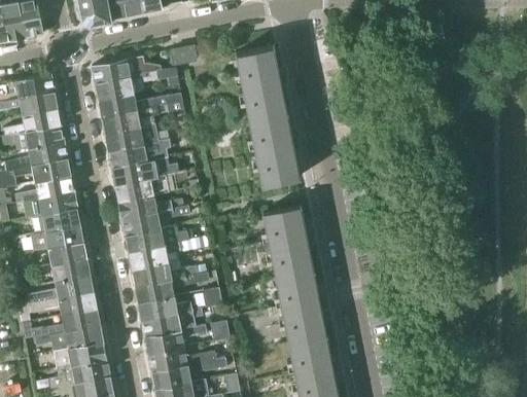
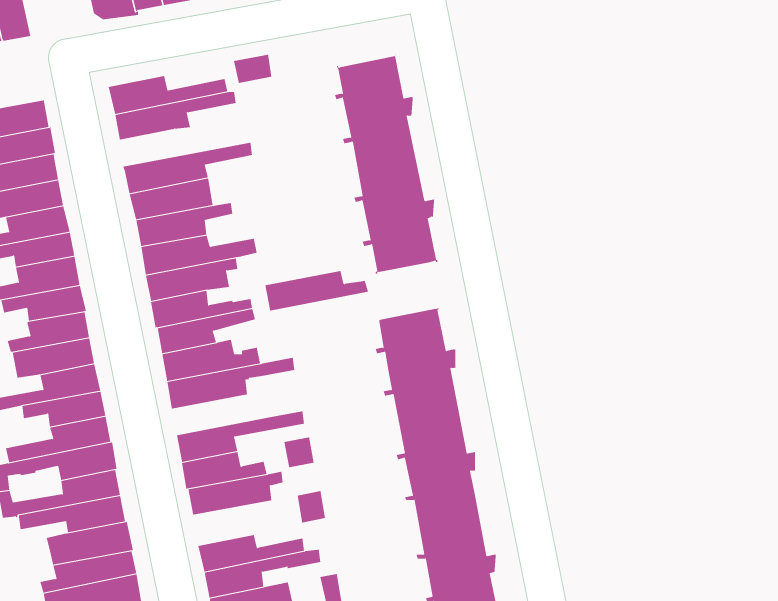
building: [97,93,181,116] -> none
building: [131,260,197,286] -> [265,271,369,311]
building: [144,325,206,356] -> none

